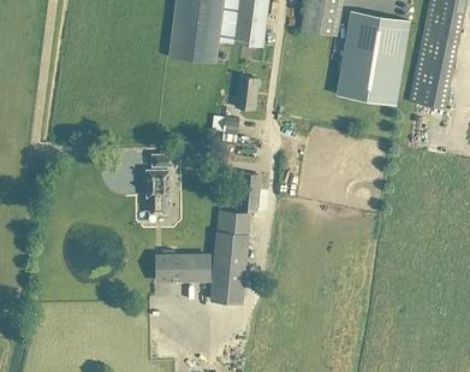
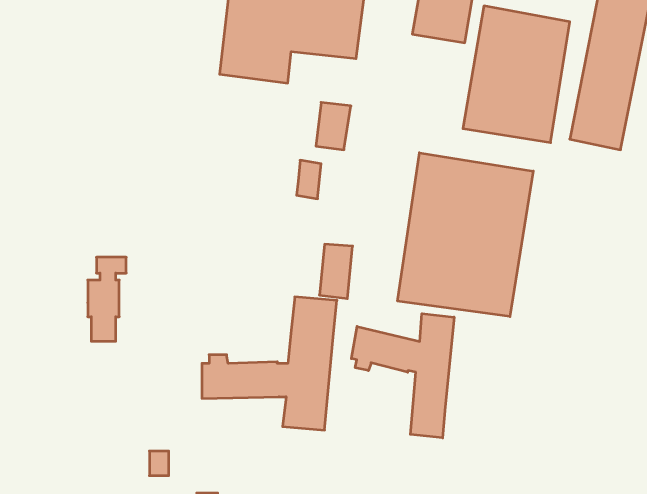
building: none -> [398,153,533,317]
building: [147,155,173,213] -> [88,257,126,341]
building: none -> [351,314,454,438]

